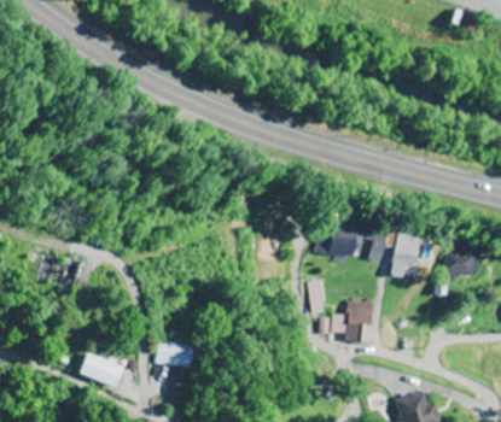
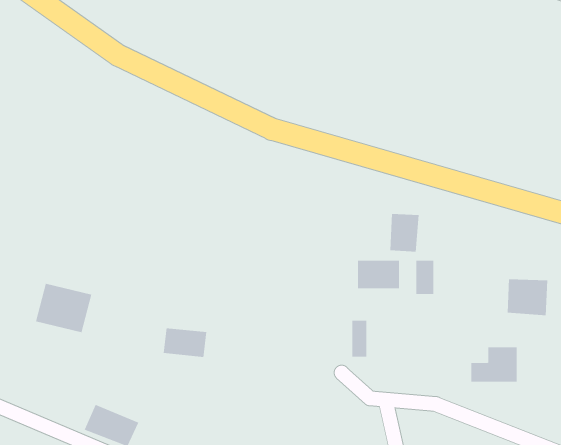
building: [391,230,416,263] -> [390,214,419,252]
building: [333,300,373,330] -> [470,347,517,382]
building: [161,341,198,367] -> [163,328,207,358]

